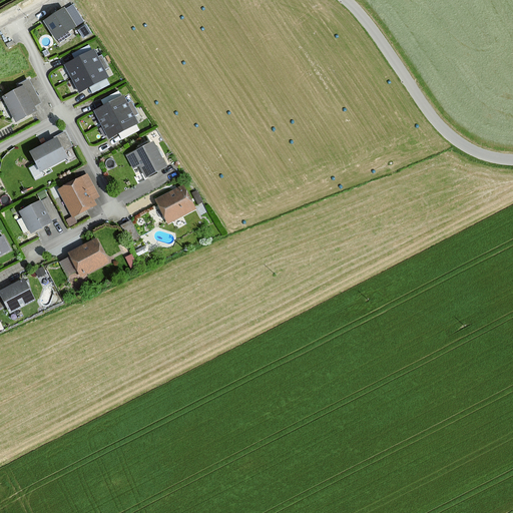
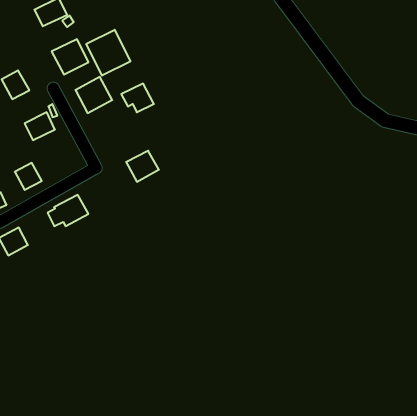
building: none -> [86,30,130,76]
building: [125,141,165,176] -> [121,84,154,112]
building: [56,174,97,216] -> none

